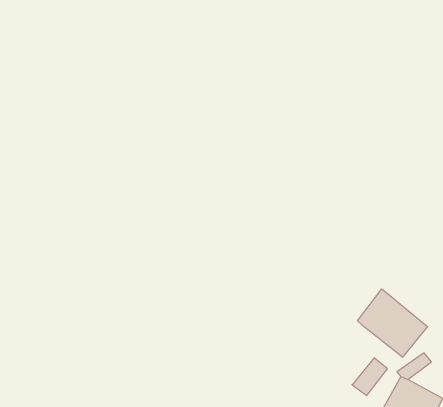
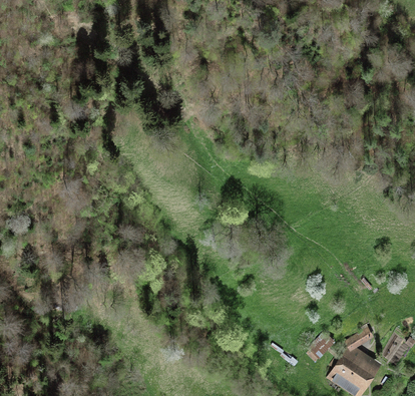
building: [357,289,427,357] -> none

